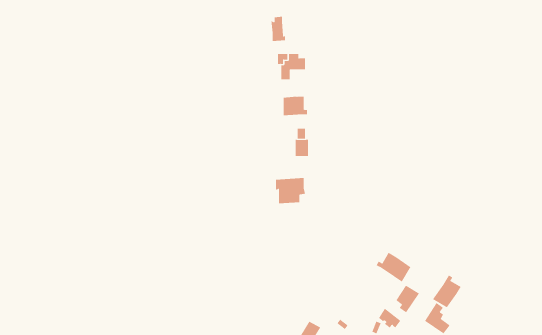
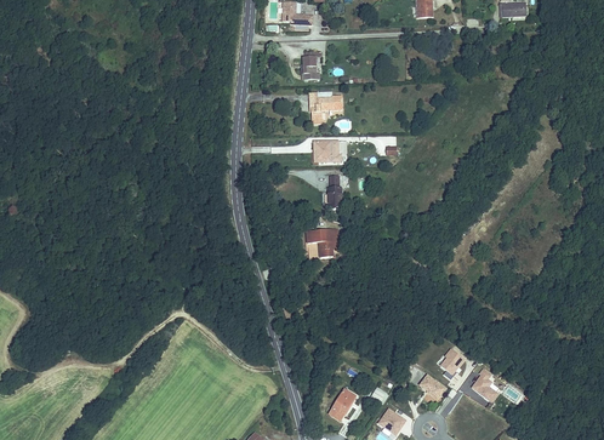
building: [376,252,411,283] -> none
building: [432,274,462,308] -> none

